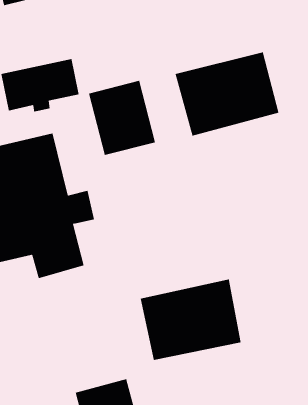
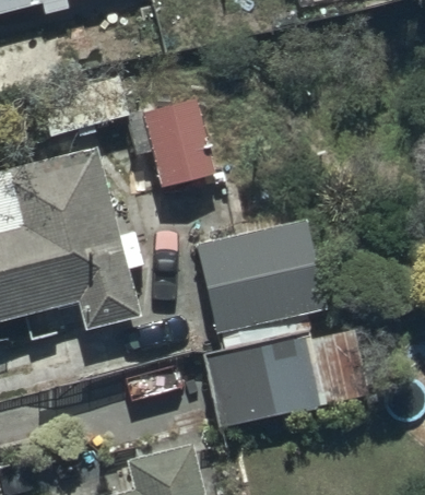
building: [175,52,279,137] -> none
building: none -> [198,222,326,333]

